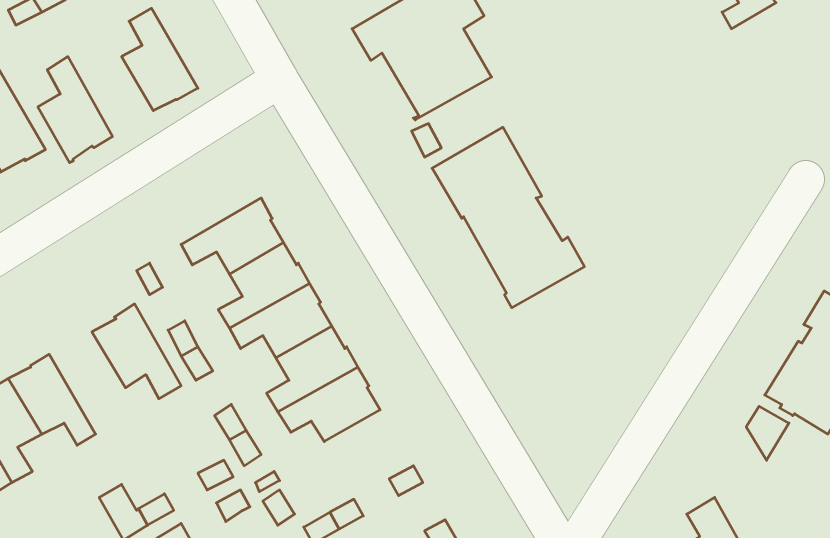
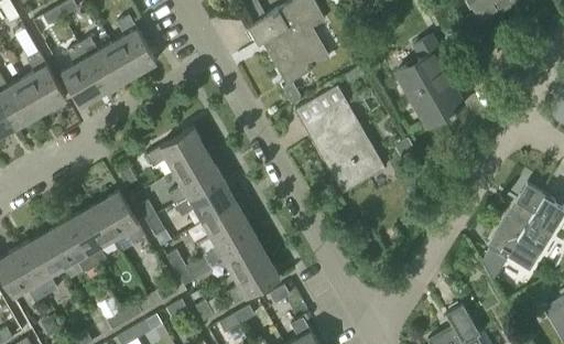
building: none -> [397,35,462,126]
building: none -> [79,37,130,90]
building: none -> [68,206,113,267]
building: none -> [226,252,280,304]

